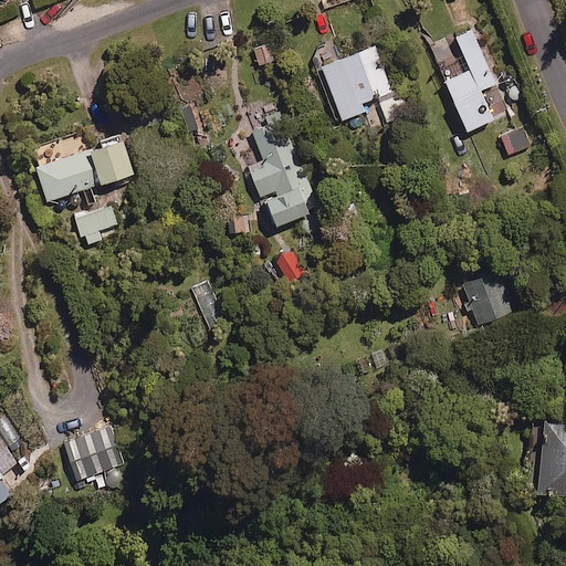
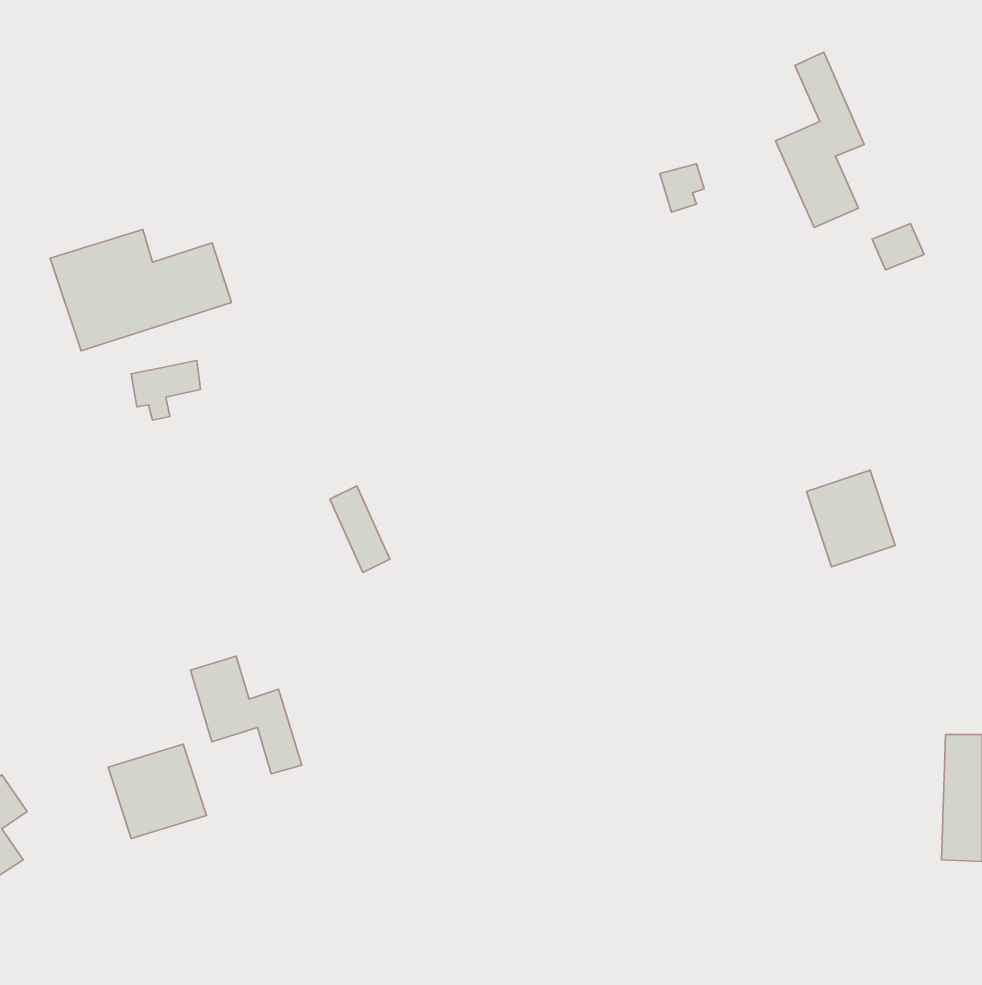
building: [322,46,391,119] -> none
building: [248,119,323,232] -> none
building: none -> [190,656,302,774]

